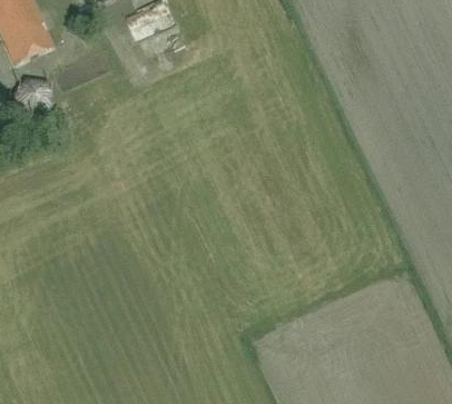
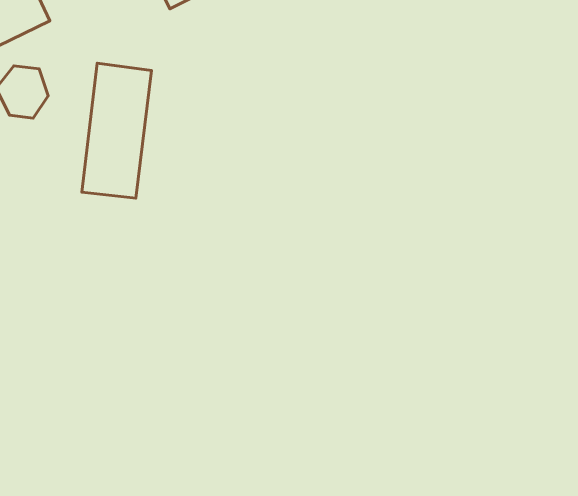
building: none -> [82,63,151,198]

